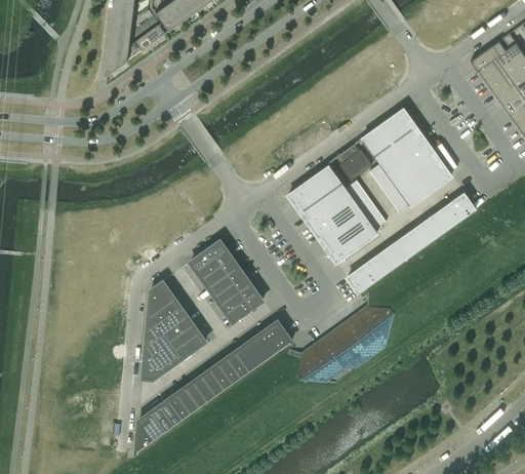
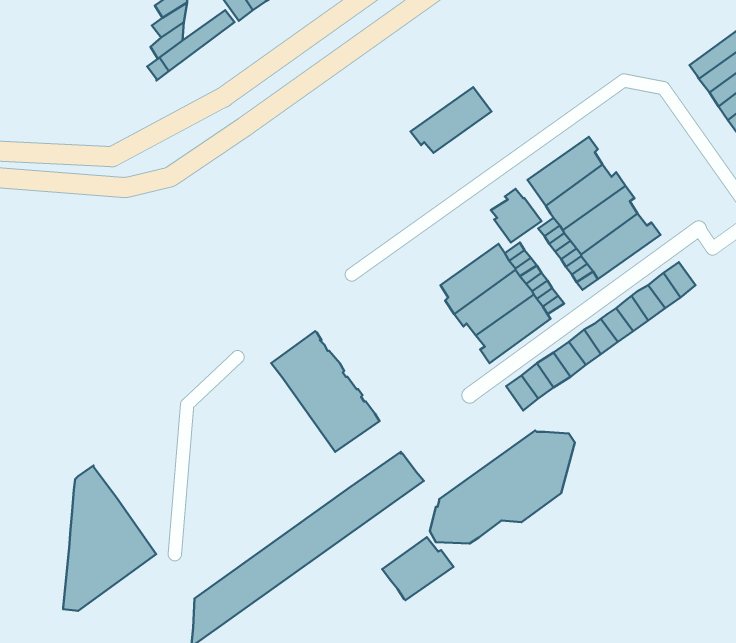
building: [288,164,342,208] -> [411,87,491,153]
building: [143,280,205,378] -> [63,465,156,611]
building: none -> [382,537,454,600]

